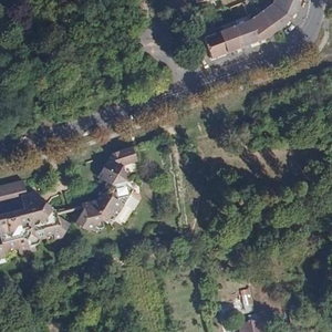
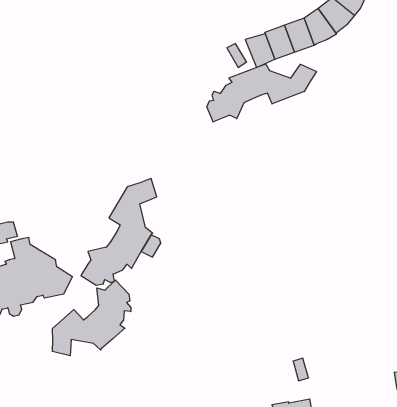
building: none -> [207,64,316,122]
building: none -> [52,280,131,356]

